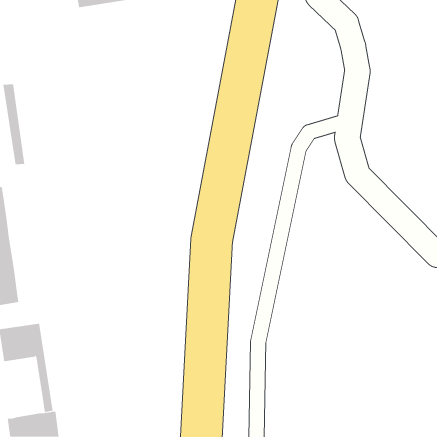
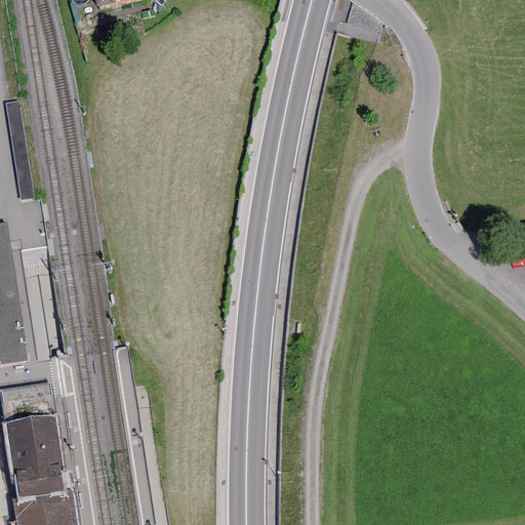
building: none -> [4,423,52,496]

